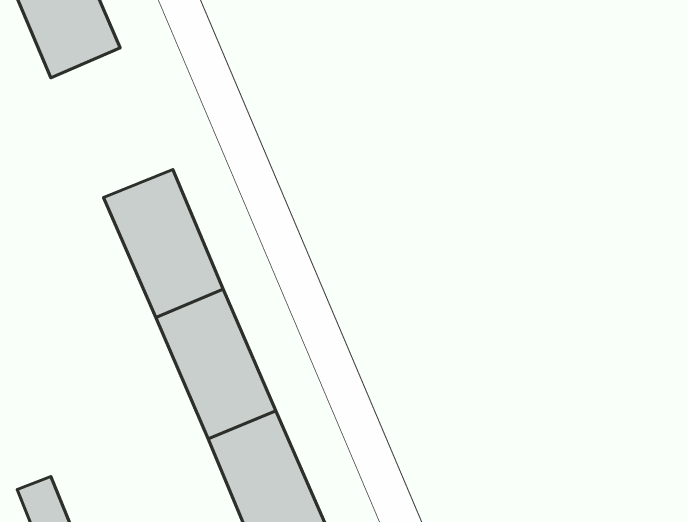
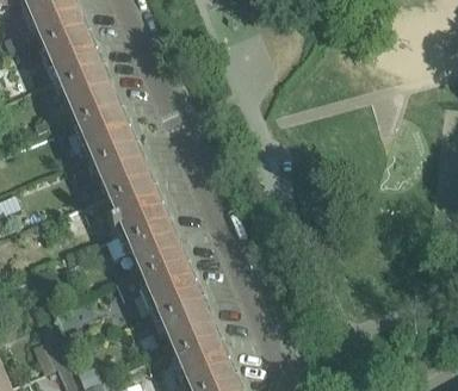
building: none -> [51,50,129,145]

